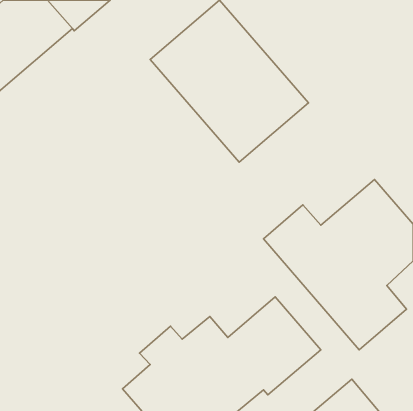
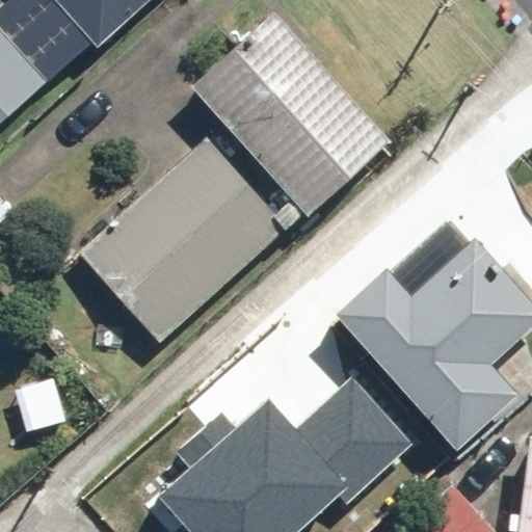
building: none -> [72,136,282,340]

